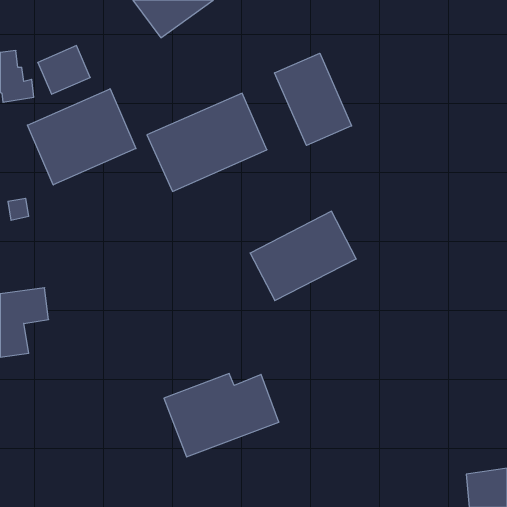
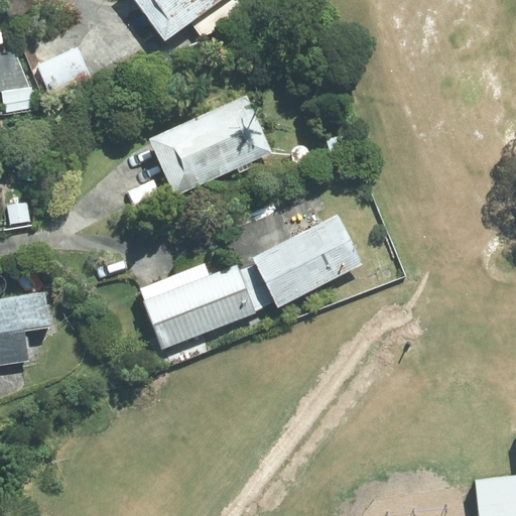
building: [275,53,352,145] -> none
building: [27,89,136,185] -> none
building: [164,374,279,457] -> [138,263,255,348]

